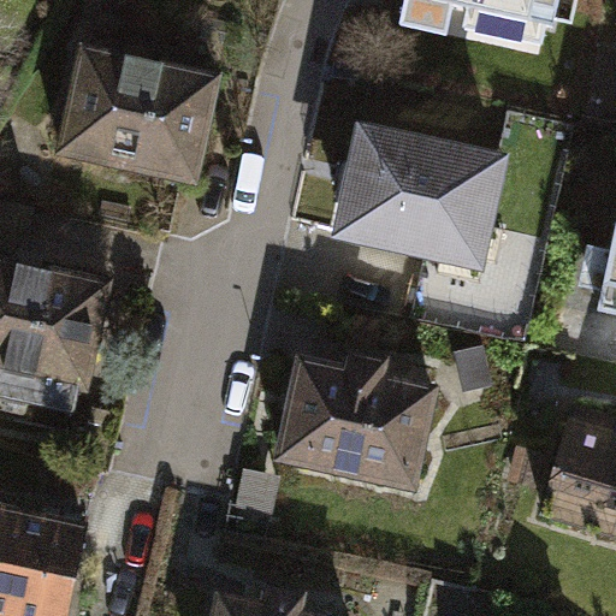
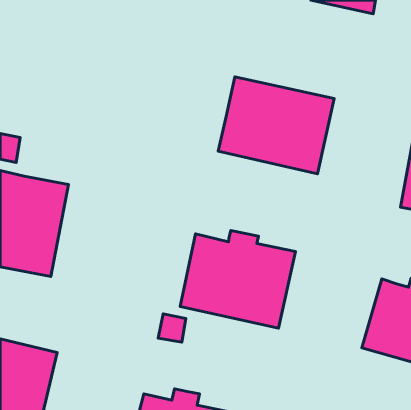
building: [60,51,217,185] -> none

